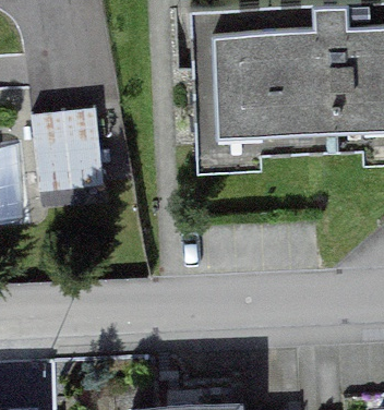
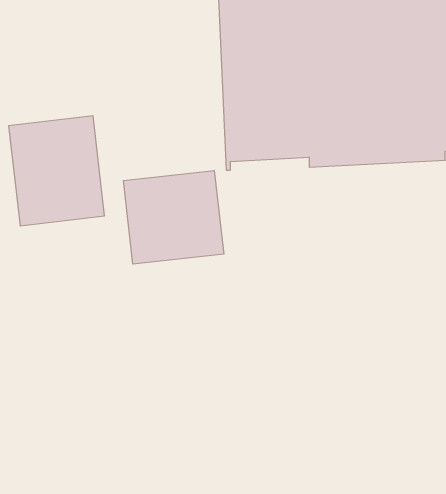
building: none -> [123,170,224,264]

